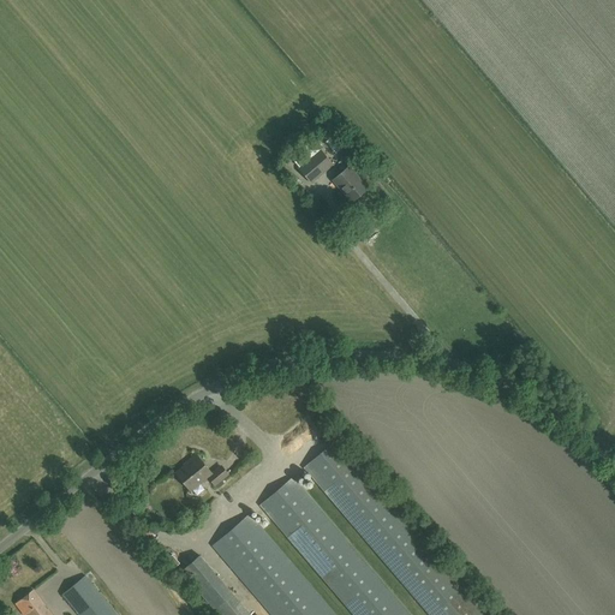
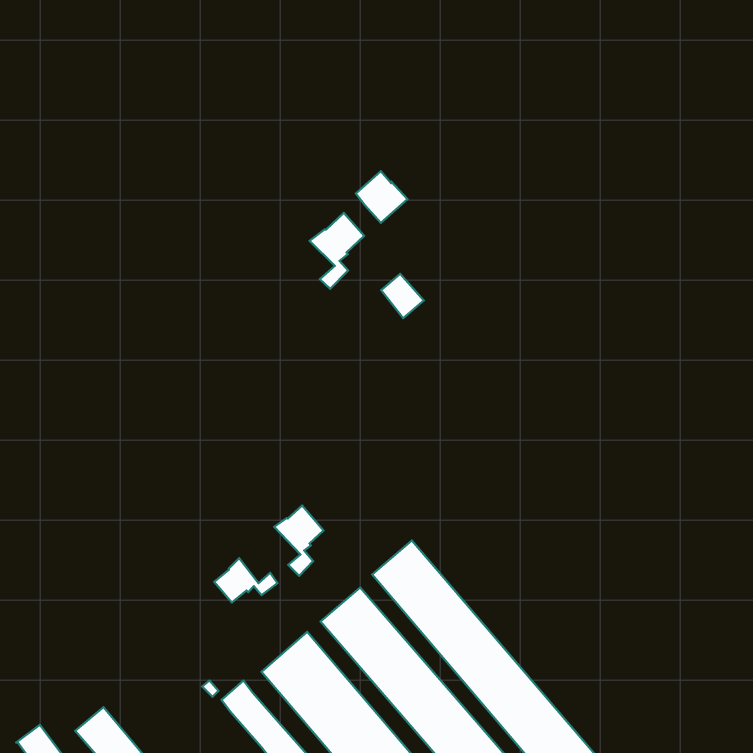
building: [332,166,366,202] -> [381,274,424,318]
building: none -> [310,213,364,289]
building: none -> [274,505,324,576]

